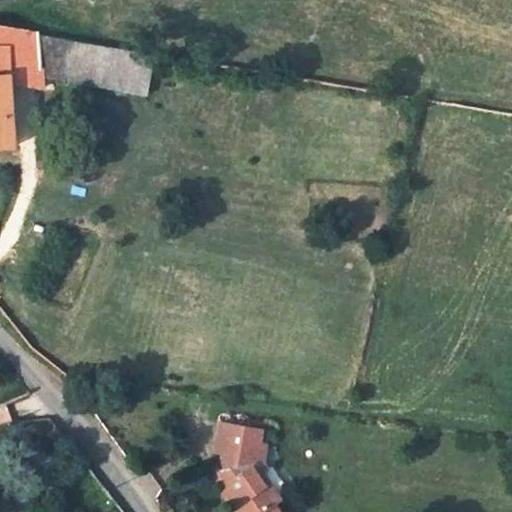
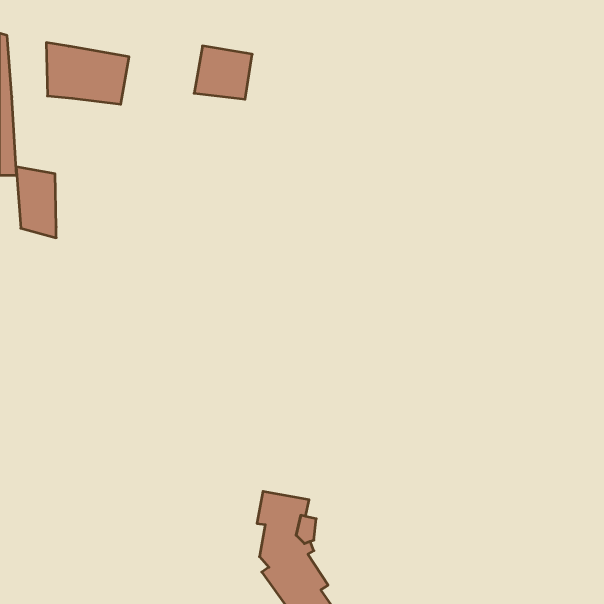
building: [6,31,40,91] -> [16,167,56,238]
building: [102,49,151,94] -> [194,46,252,99]

